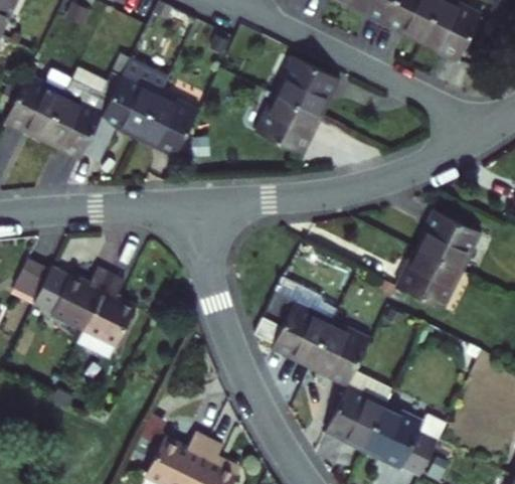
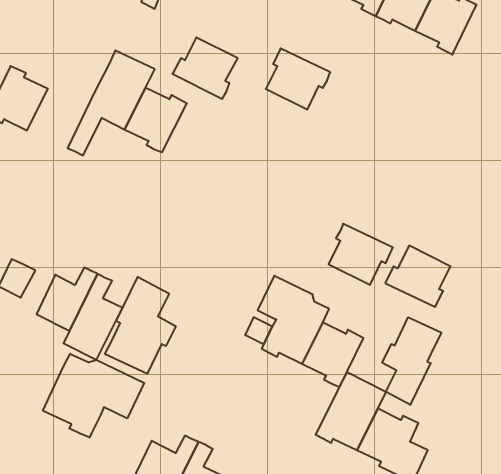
building: [45,82,111,160] -> none
building: [253,97,317,156] -> [172,37,238,99]
building: [415,209,478,269] -> [329,224,393,285]
building: none -> [105,277,176,374]
building: none -> [382,317,441,405]
building: none -> [43,354,144,438]

